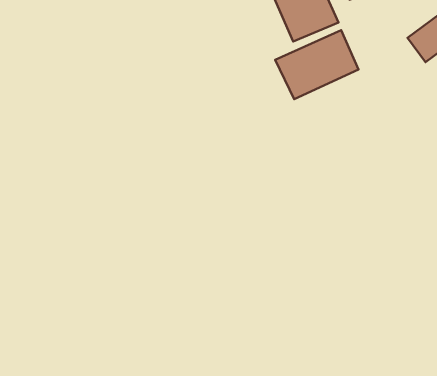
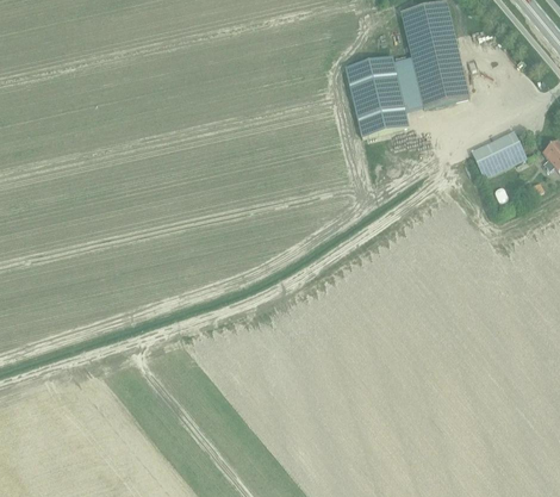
building: [275,30,358,99] -> none

